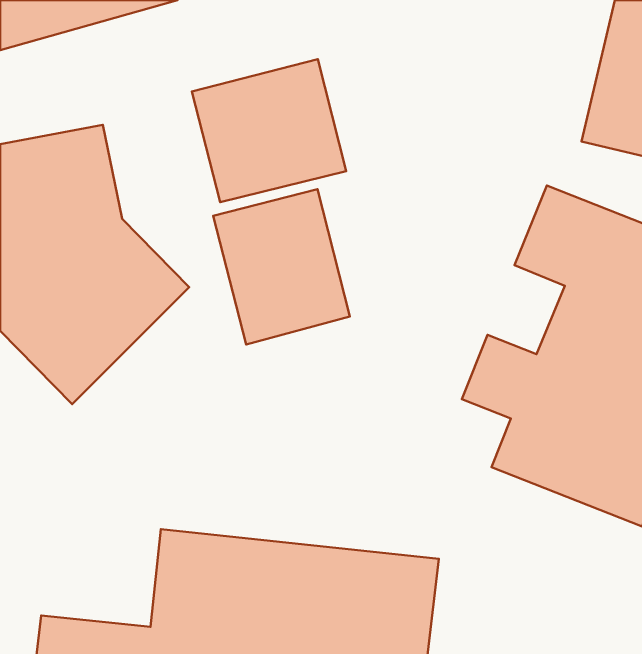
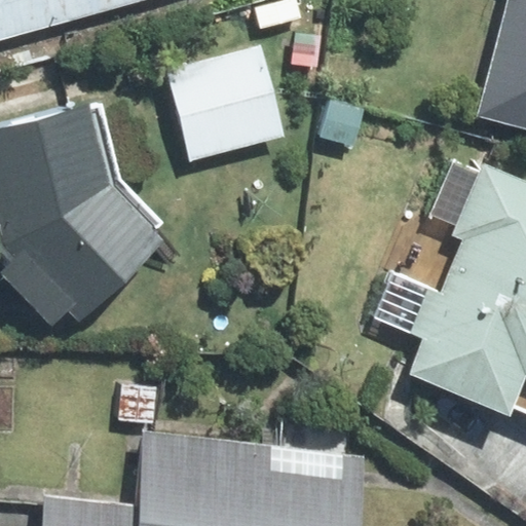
building: [213,189,350,345] -> none

